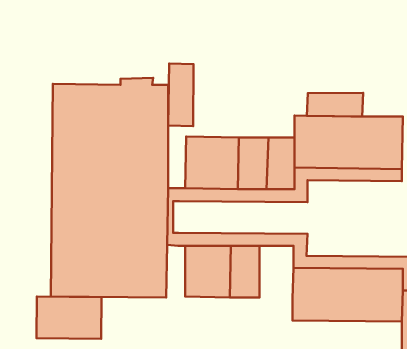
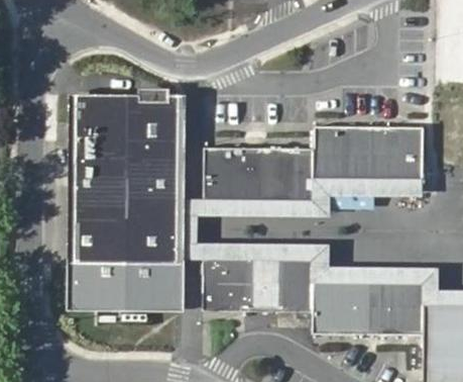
building: [168,64,194,126] -> none
building: [307,93,363,116] -> none
building: none -> [279,259,314,312]
building: [37,296,102,339] -> none

